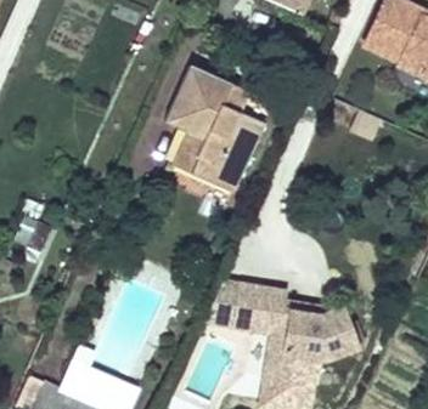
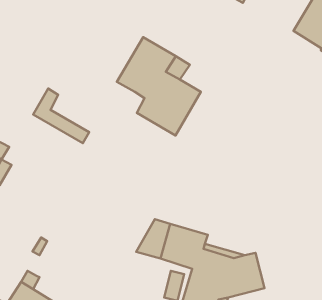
building: [171,130,238,189] -> [33,89,89,143]

